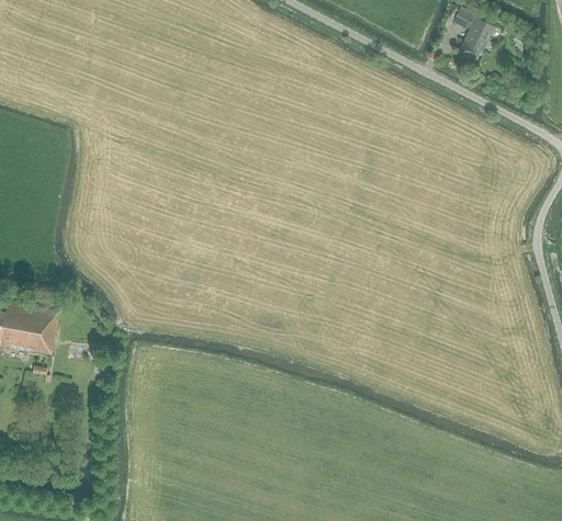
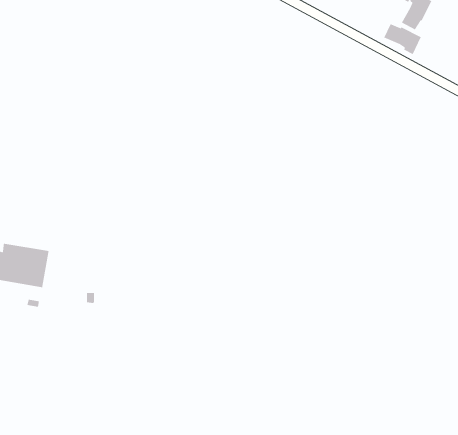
building: none -> [383,23,422,55]

